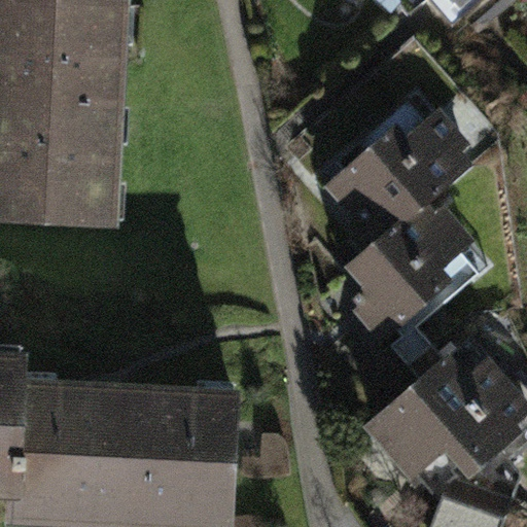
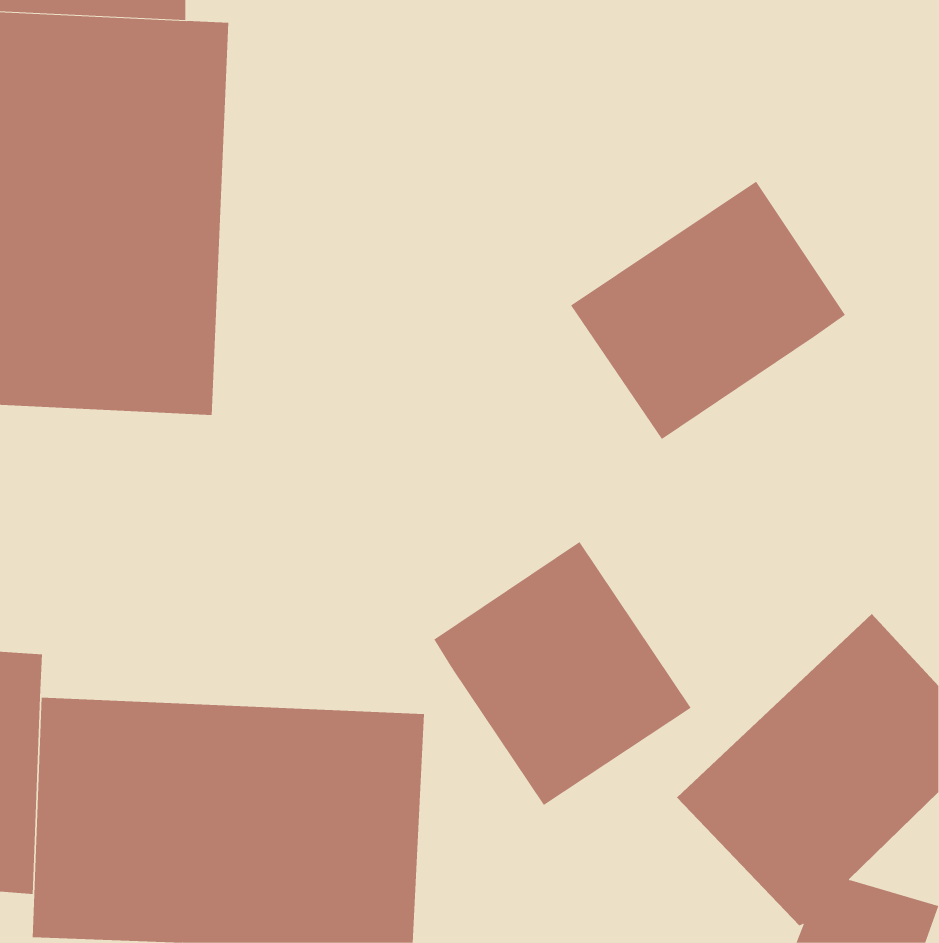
building: [347,186,500,329] -> none
building: none -> [433,541,691,806]

